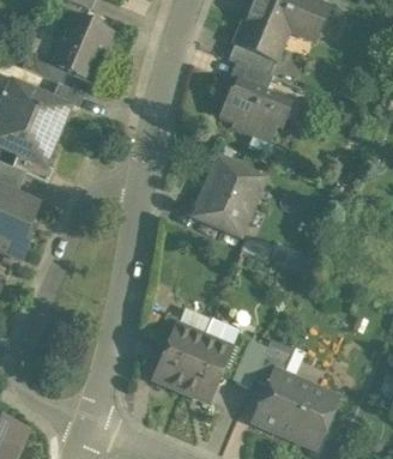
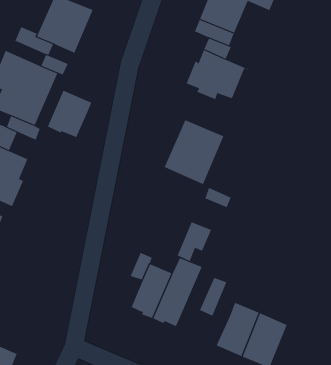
building: none -> [47,90,92,138]
building: [253,339,294,386] -> [177,221,212,262]

